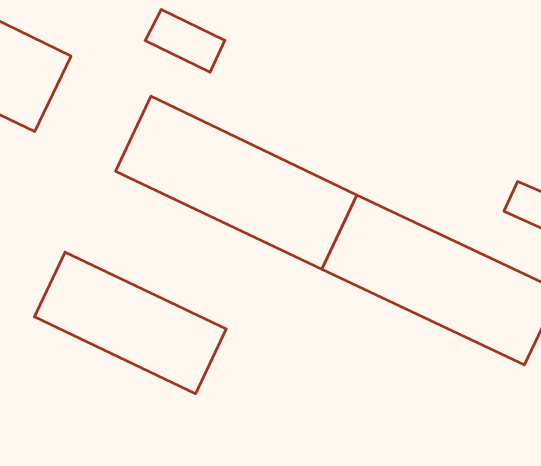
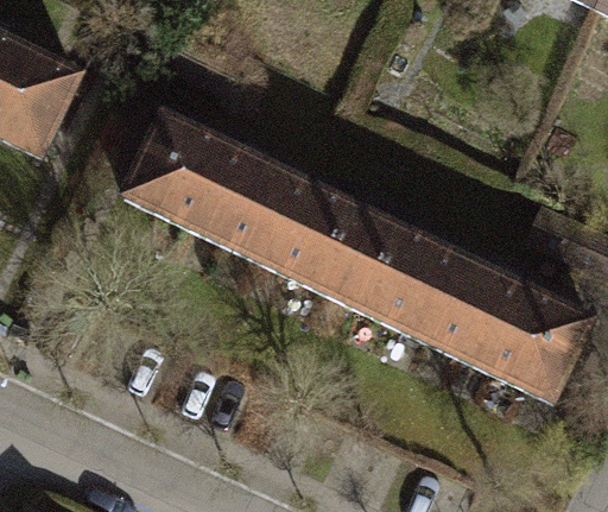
building: [34,252,226,394] -> none

